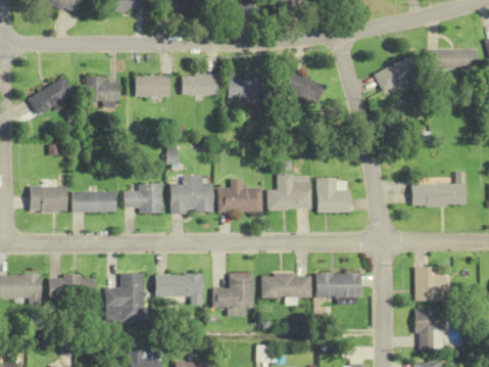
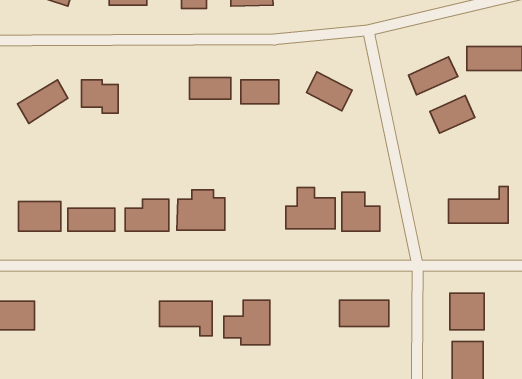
building: [135,76,169,97] -> none
building: none -> [430,96,475,133]
building: [218,179,263,213] -> none
building: [106,274,144,323] -> none
building: [261,275,310,299] -> none
building: [49,276,96,302] -> none

